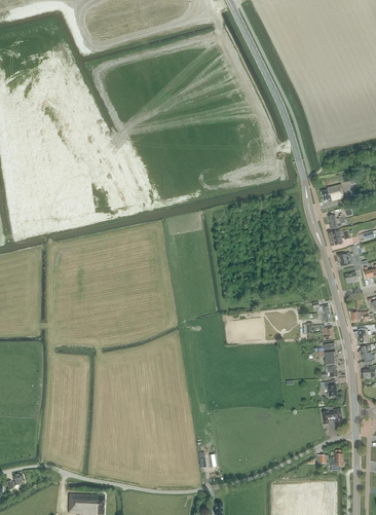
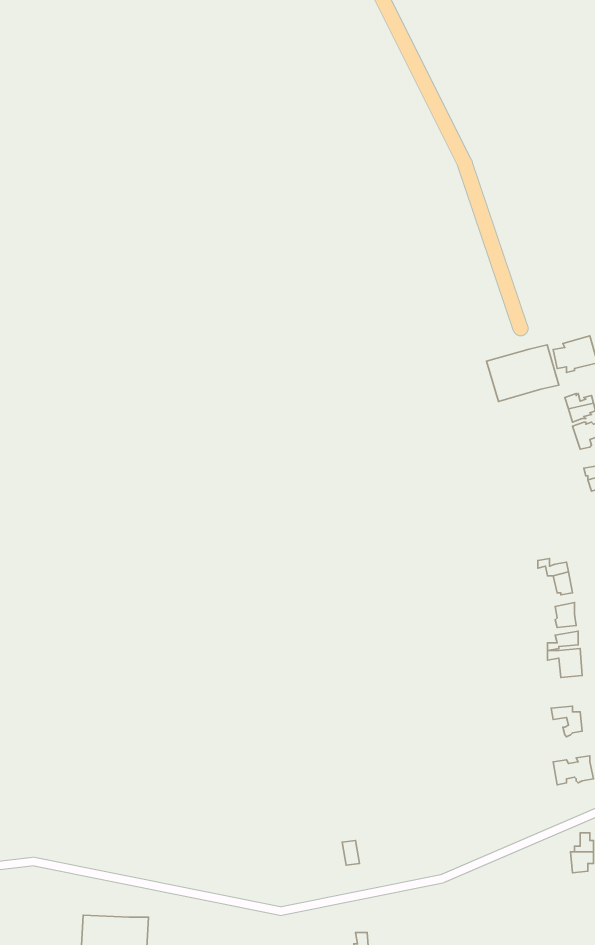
building: none -> [487,345,559,401]

